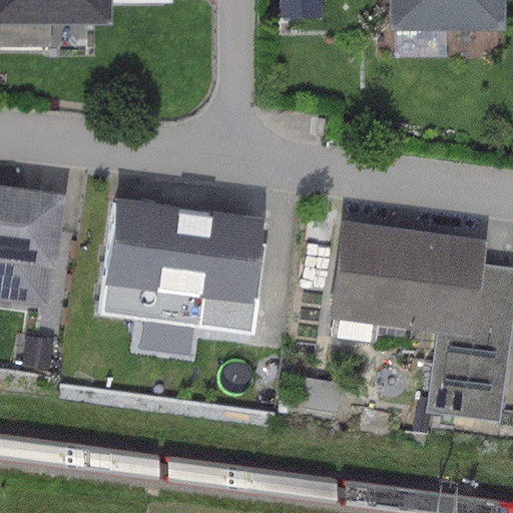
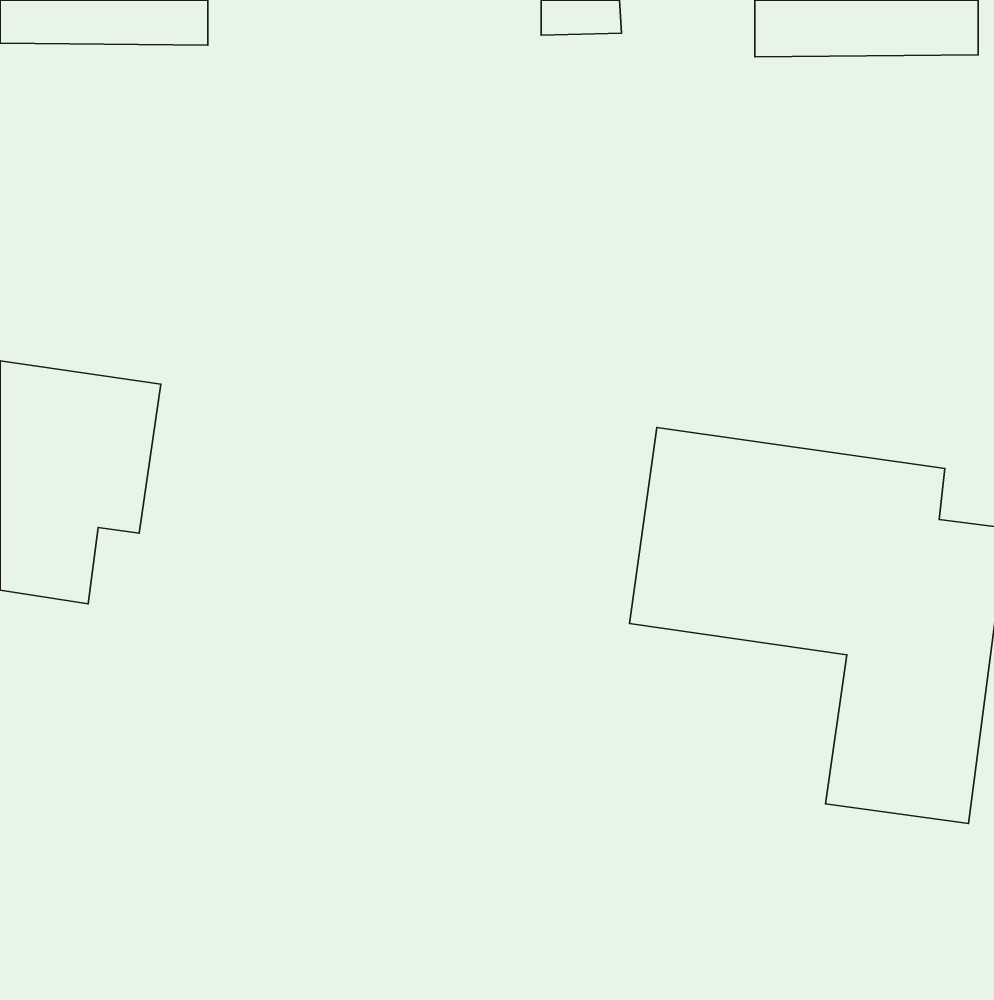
building: [97,197,266,327] -> none

